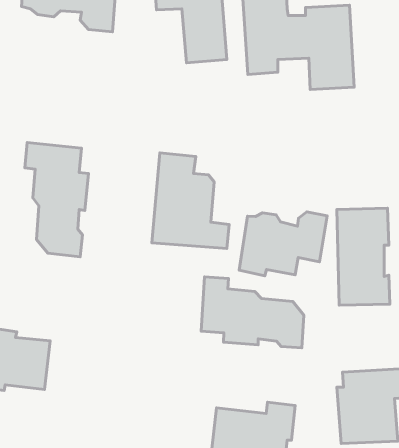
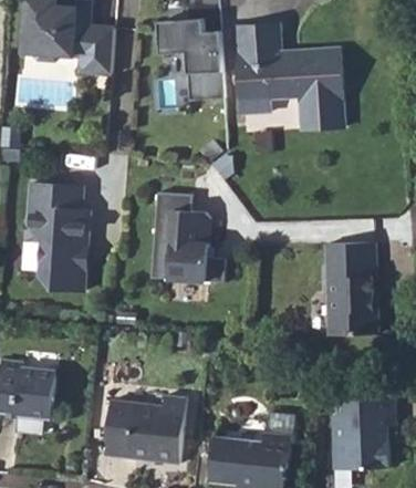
building: [239,212,327,276] -> none
building: [201,277,304,348] -> none
building: none -> [98,395,179,460]

